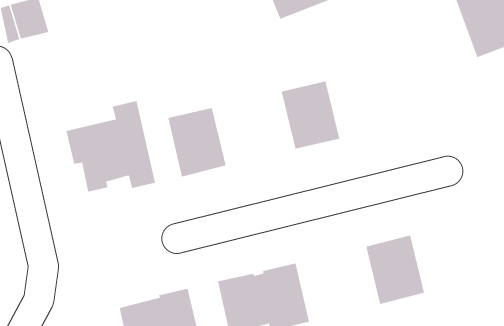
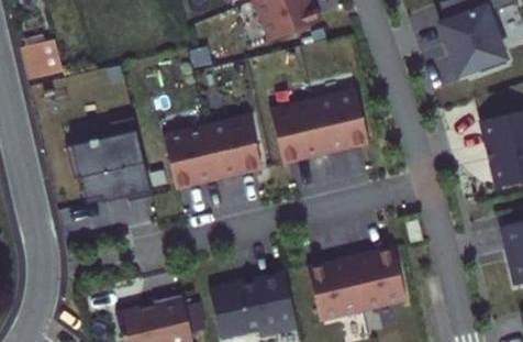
building: none -> [313,90,369,155]
building: none -> [205,115,262,180]
building: none -> [308,257,364,322]

